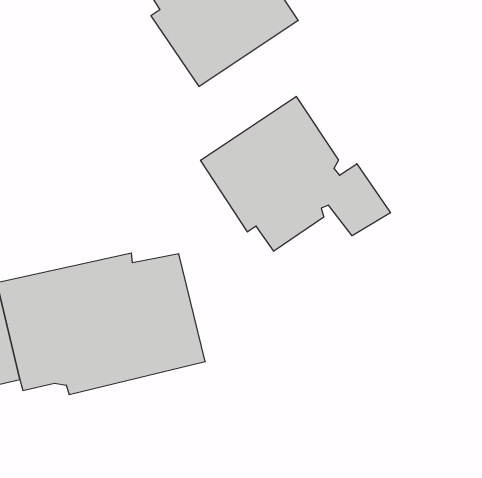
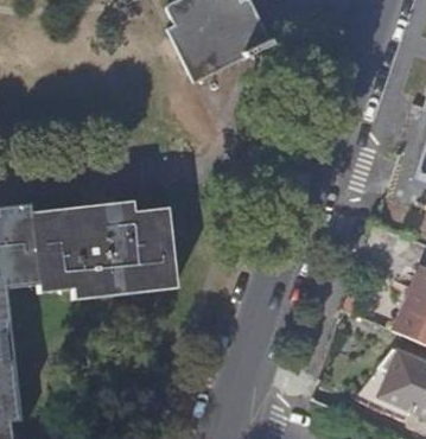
building: [201,96,390,251] -> none

